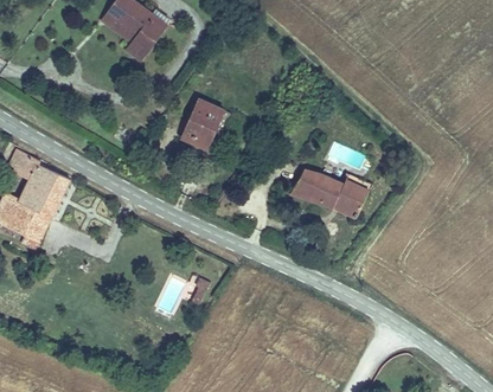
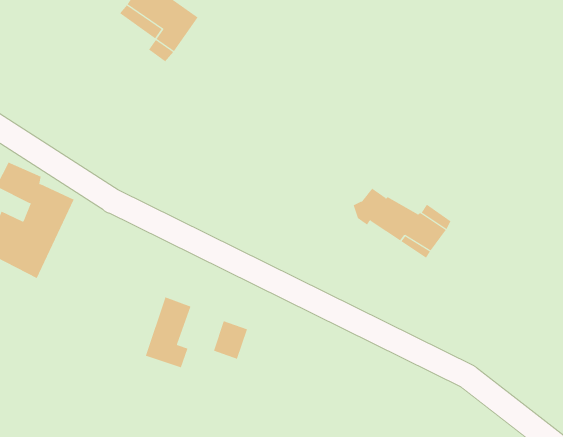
building: [184,103,224,152] -> none
building: none -> [145,297,191,368]

